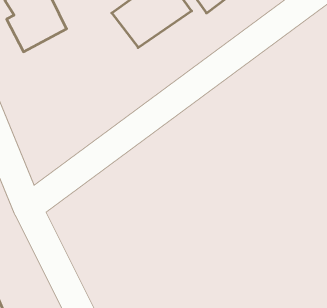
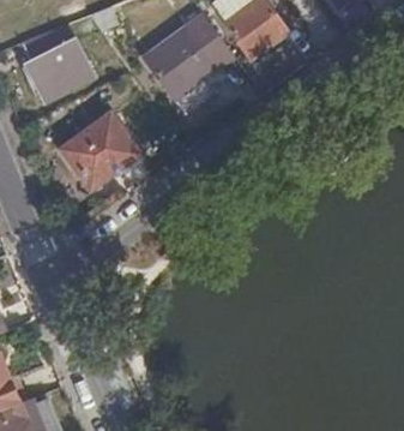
building: none -> [60,114,138,190]

